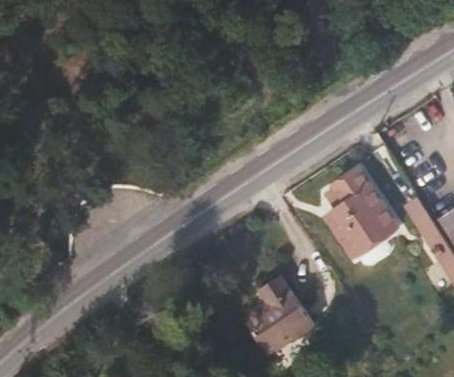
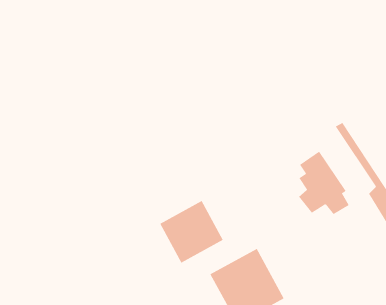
building: none -> [159,200,224,263]

